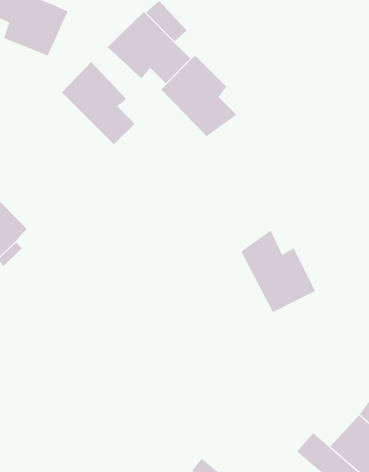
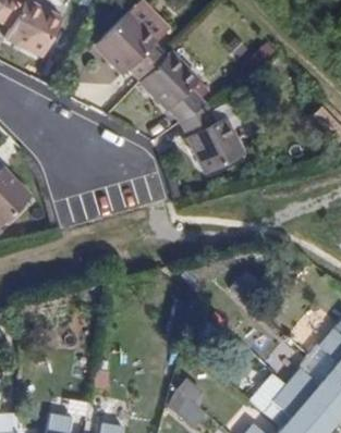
building: [61,61,135,145] -> none
building: [240,230,316,313] -> [181,101,245,172]

